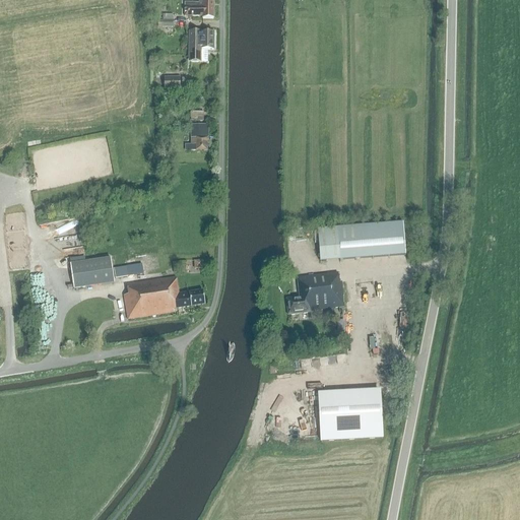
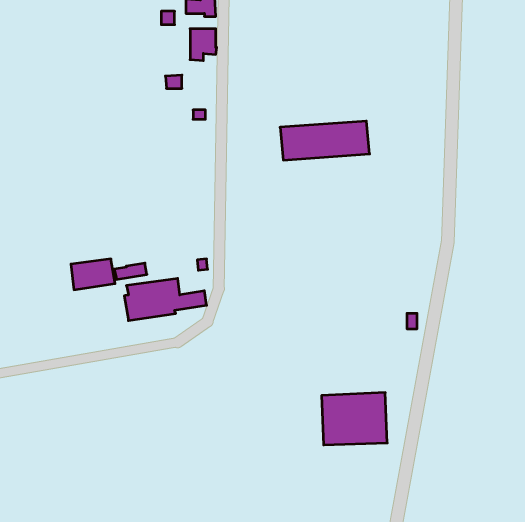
building: [186,123,208,148] -> none
building: [317,220,405,259] -> [280,121,370,160]
building: [283,270,344,314] -> none

